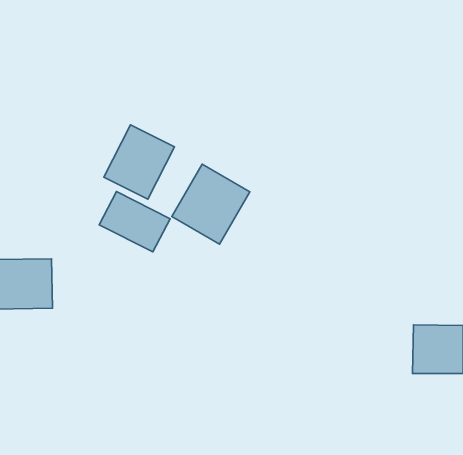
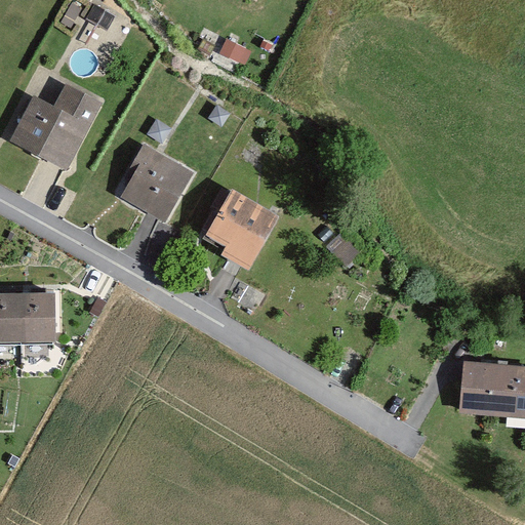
building: none -> [11,72,106,171]
building: [99,192,170,252] -> none

